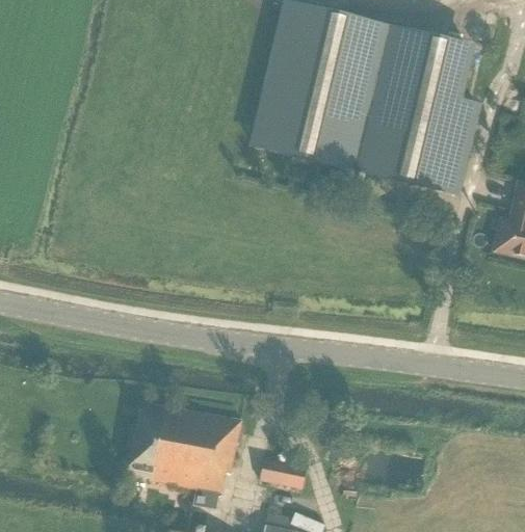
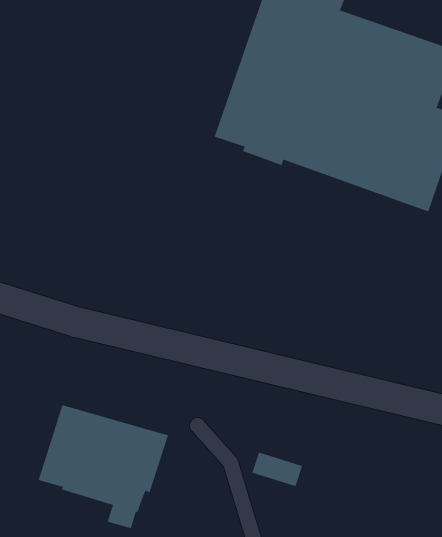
building: [261,459,307,487] -> [252,452,303,487]

